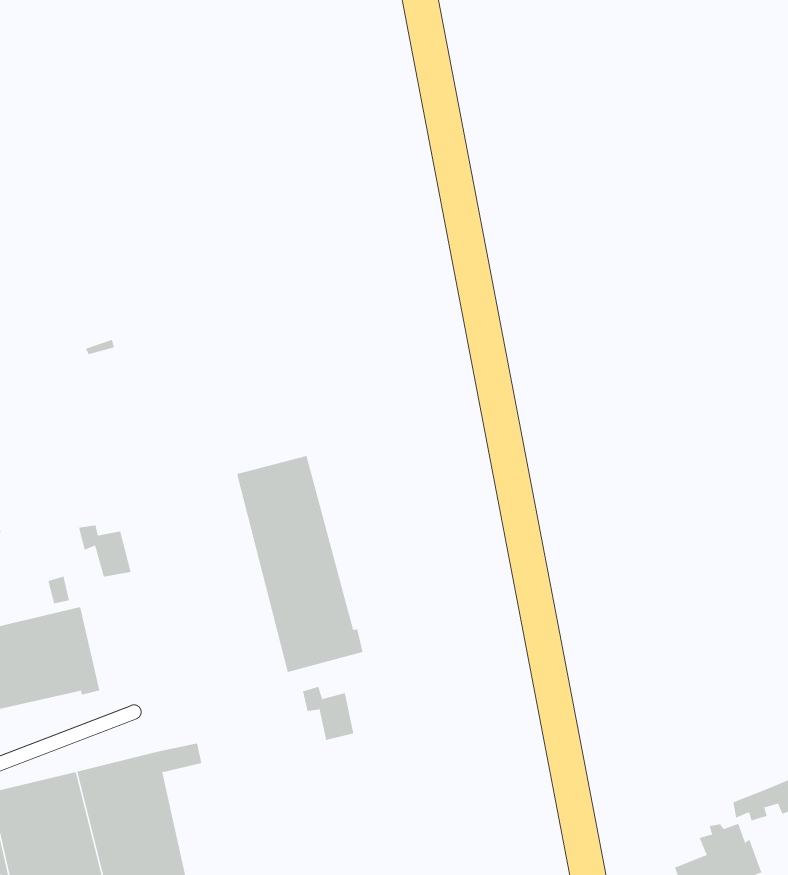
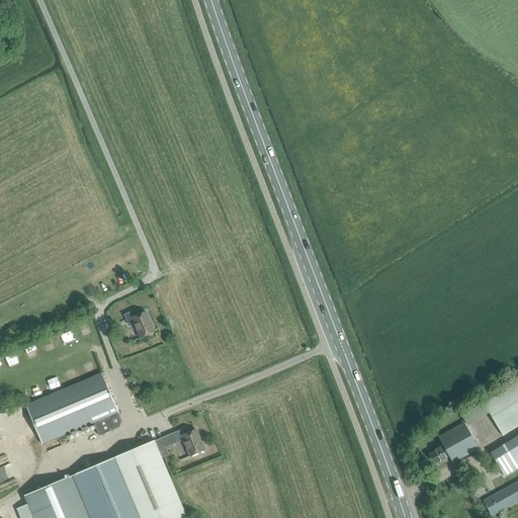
building: [236,455,363,673] -> none
building: [78,525,132,577] -> [123,311,155,337]
building: [302,686,354,740] -> [174,428,204,455]

